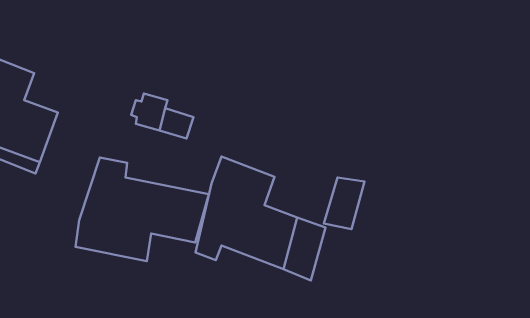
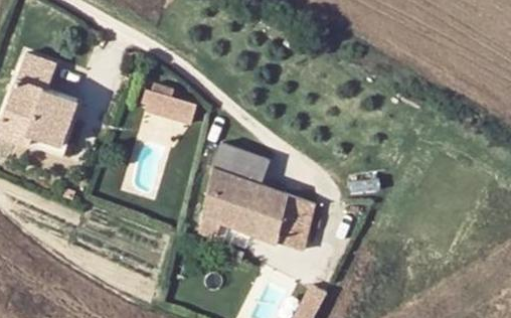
building: [75,157,209,261] -> none
building: [324,177,365,229] -> none

